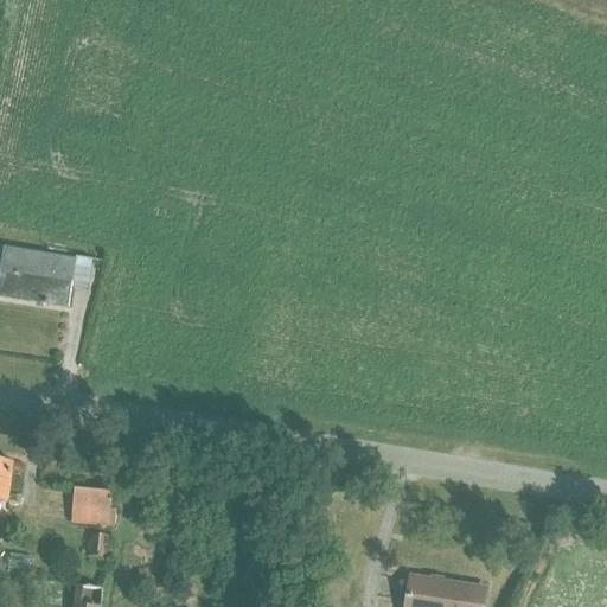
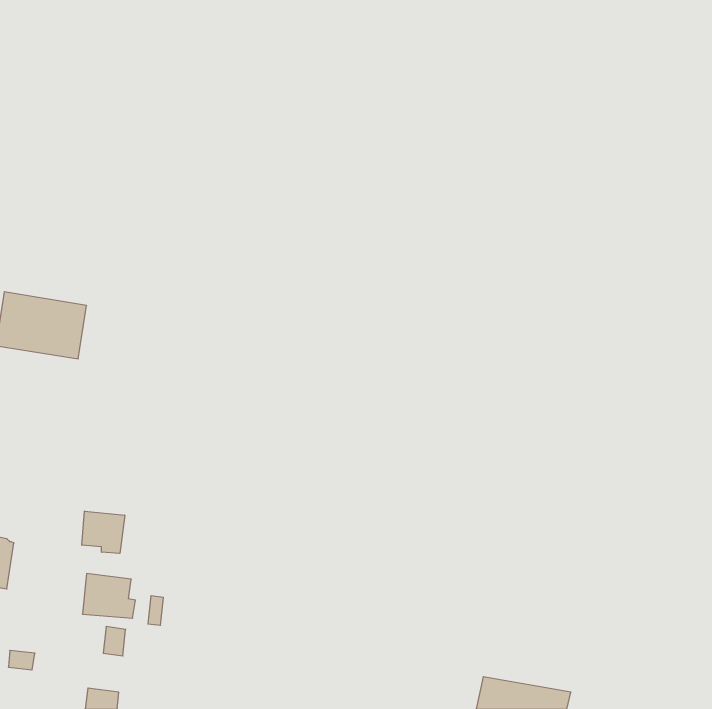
building: none -> [82,511,125,553]

